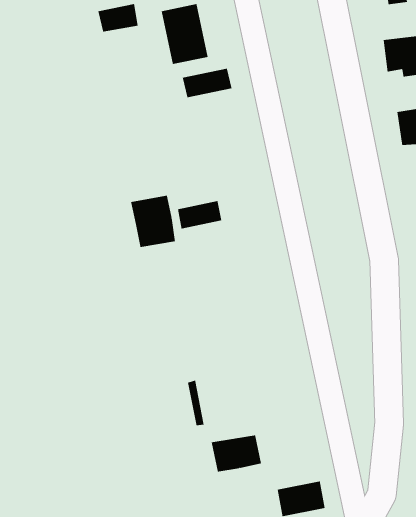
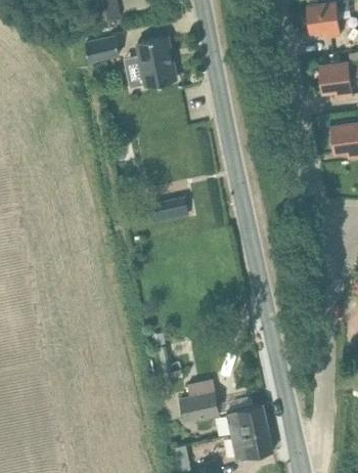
building: [182,68,232,98] -> none
building: [130,195,176,248] -> none
building: none -> [227,404,268,436]

